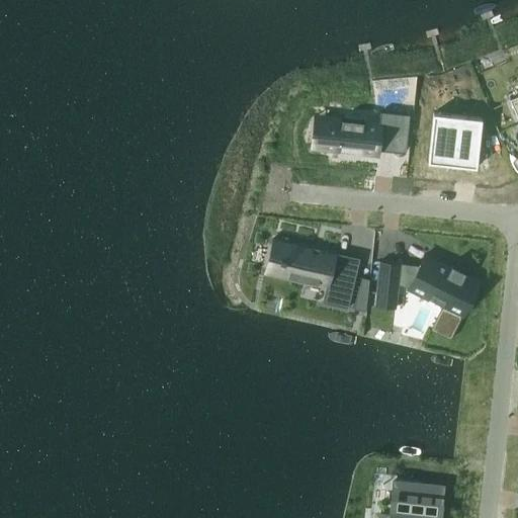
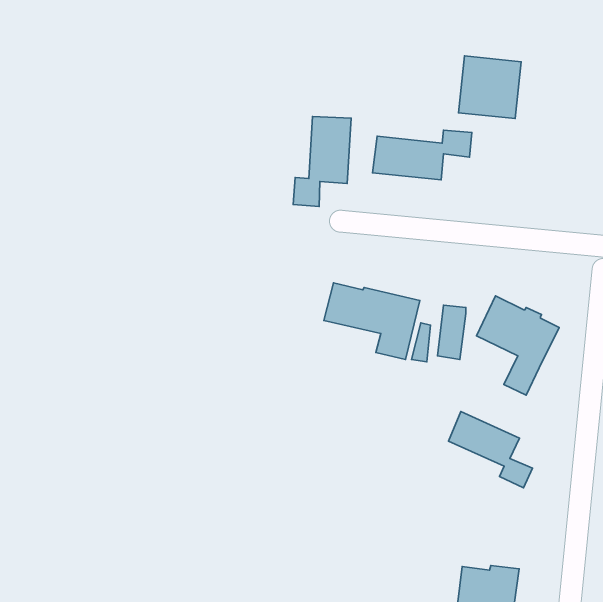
building: none -> [293,117,351,206]
building: [427,114,481,168] -> [459,56,521,119]
building: none -> [449,412,533,488]

